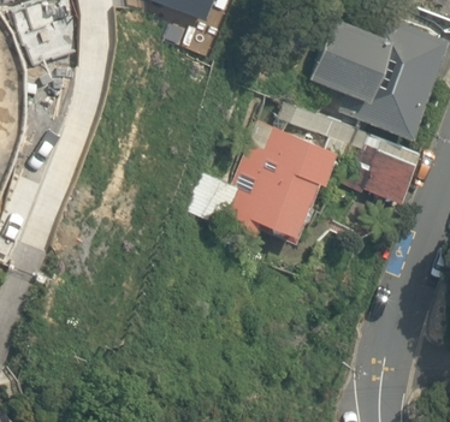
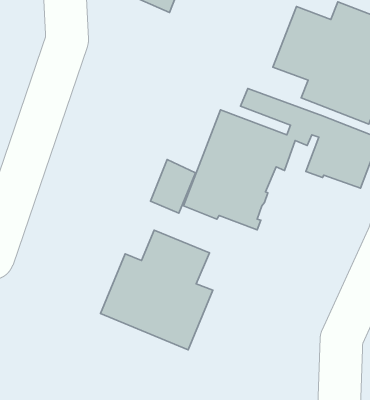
building: none -> [101,230,213,350]

